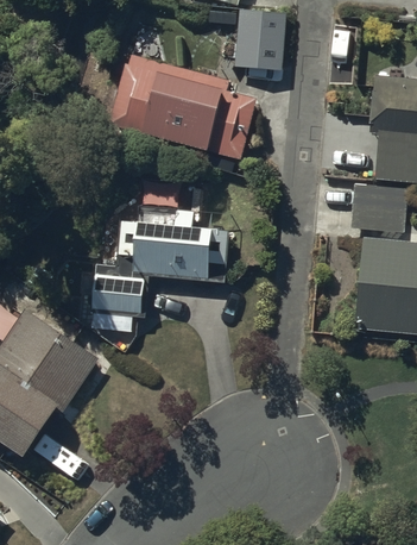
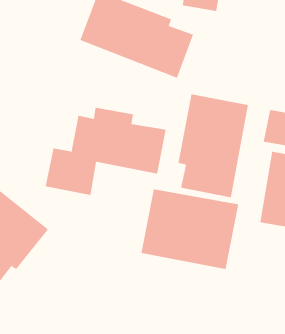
building: none -> [178,93,249,198]
building: none -> [141,189,239,270]

